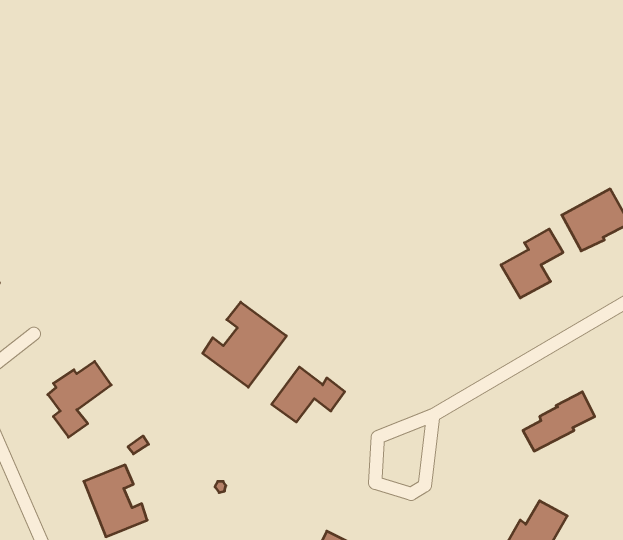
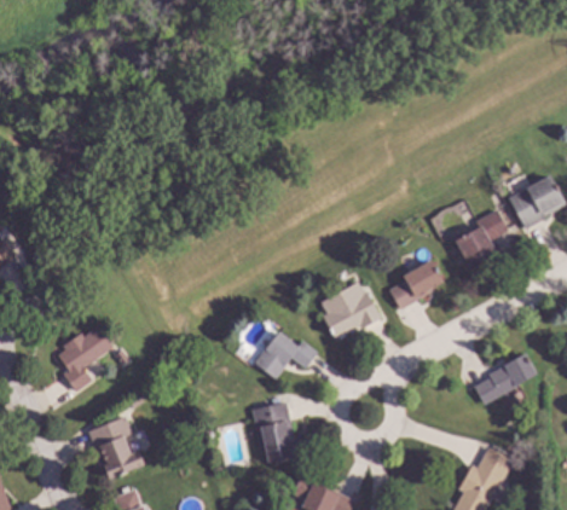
building: none -> [389,260,444,309]
building: [203,302,286,387] -> none
building: none -> [320,282,382,338]
building: none -> [251,401,297,460]

